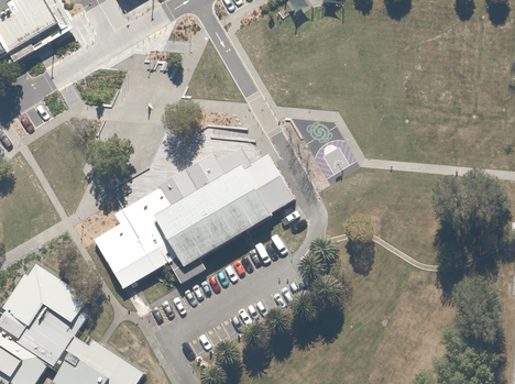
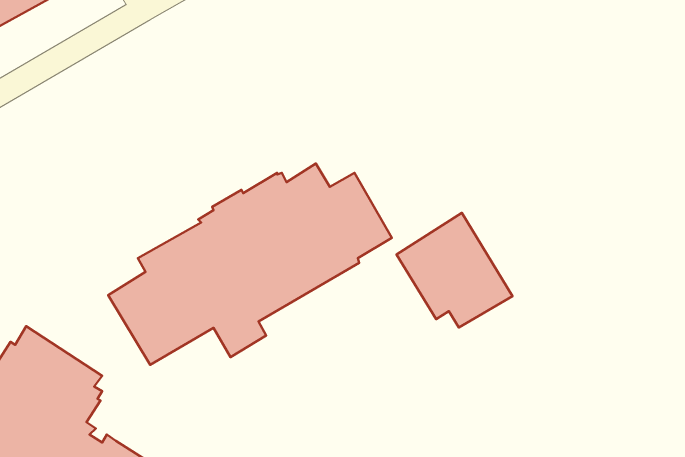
building: none -> [397,213,513,327]

